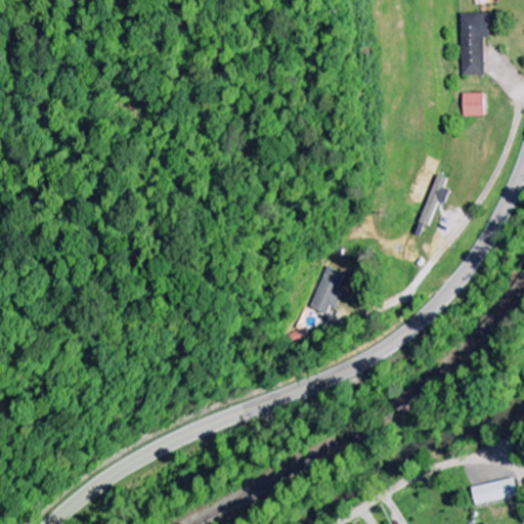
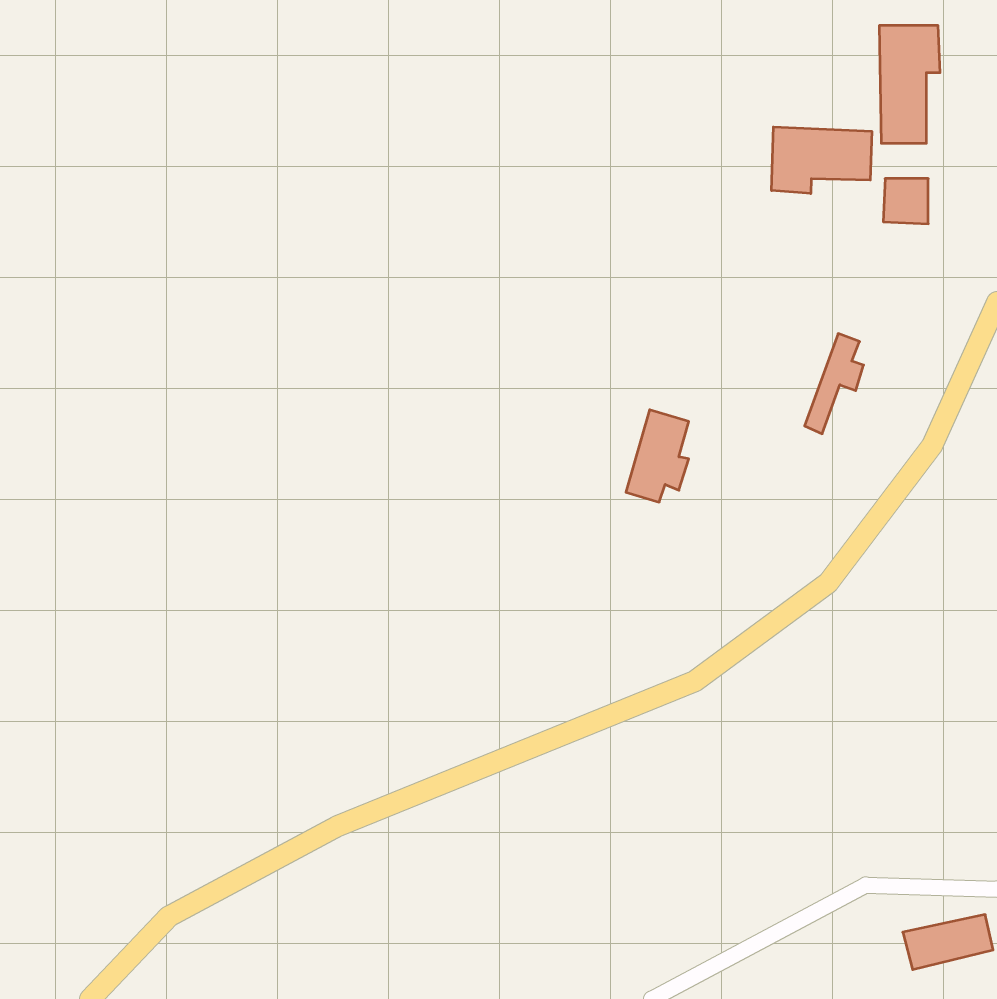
building: none -> [772,127,872,194]
building: [311,266,344,314] -> [626,410,689,502]

